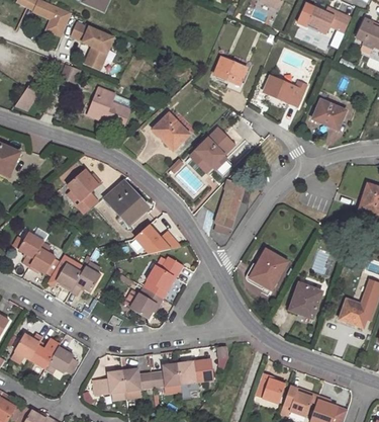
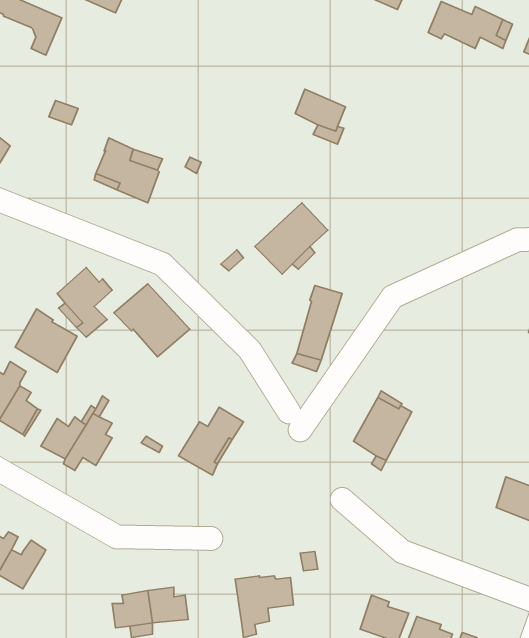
building: [70,23,112,71] -> none
building: [264,76,305,105] -> none
building: [312,100,345,130] -> none
building: [154,113,188,150] -> none
building: none -> [15,309,77,372]
building: [134,225,180,253] -> none
building: [289,283,321,317] -> none
building: [129,286,163,319] -> none
building: [44,347,78,373] -> none
building: [155,363,181,394] -> none

